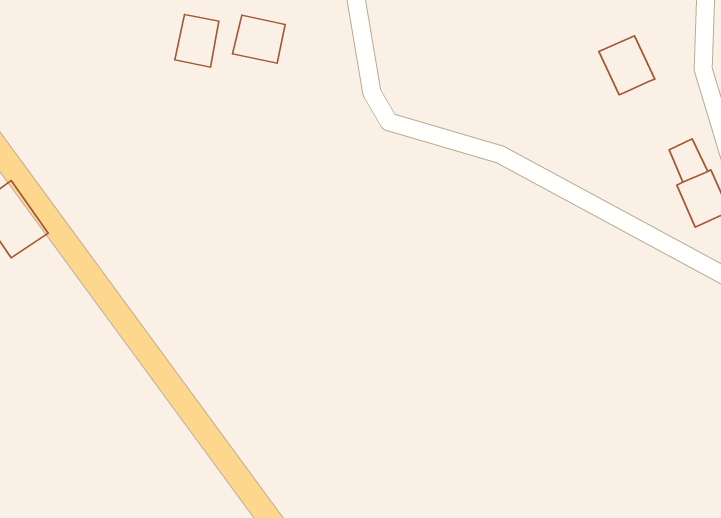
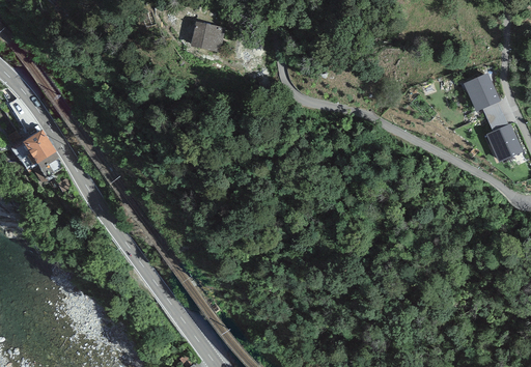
building: [175,15,219,67] -> none
building: [599,36,655,95] -> [464,72,501,111]

